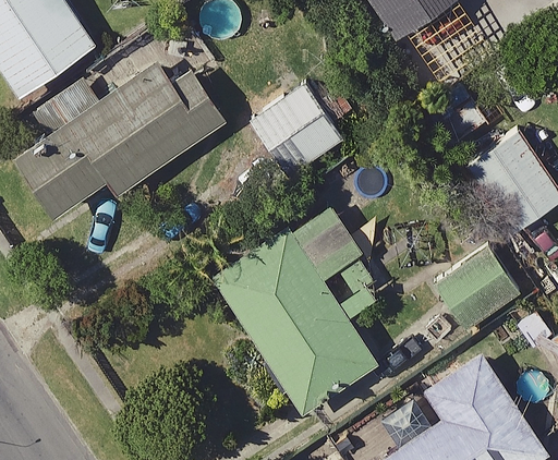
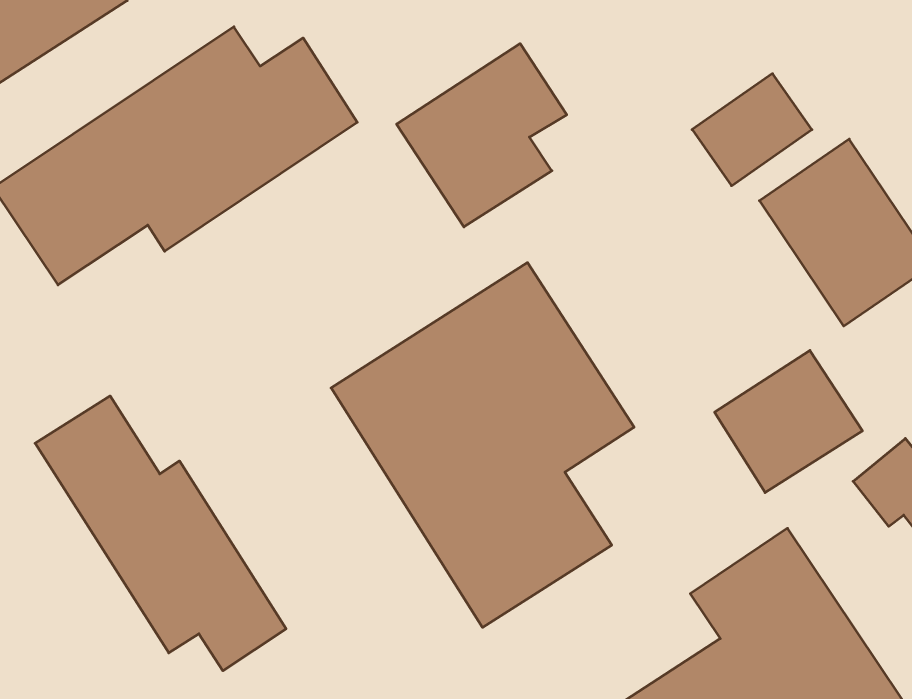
building: none -> [35,396,286,671]

